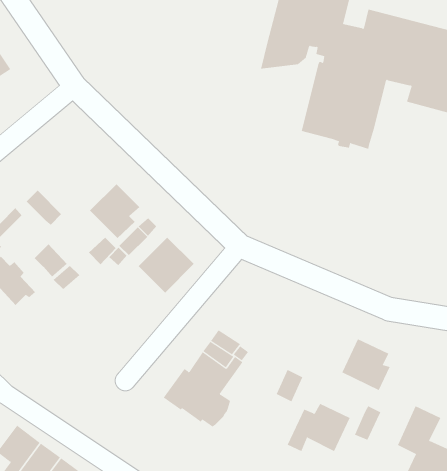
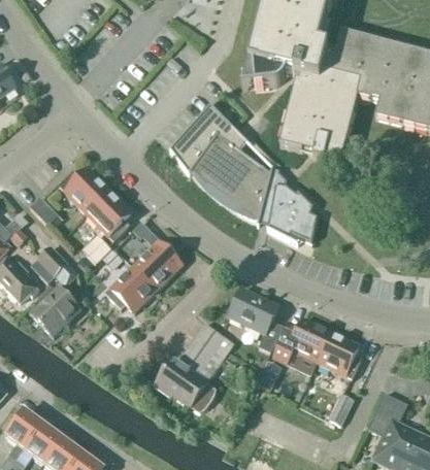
building: none -> [169,103,317,243]
building: none -> [60,167,111,214]
building: none -> [104,265,156,311]
building: none -> [29,280,80,336]
building: none -> [228,288,282,349]
building: [287,403,350,452] -> [273,317,331,362]

